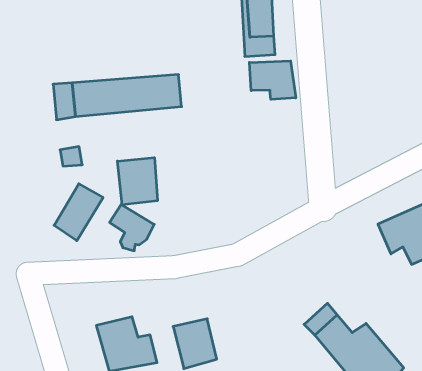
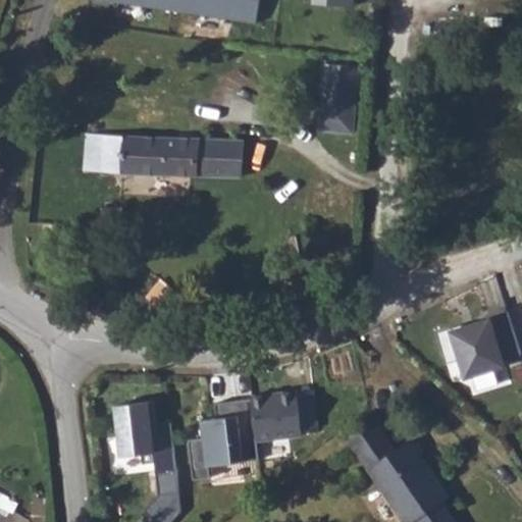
building: [249,61,296,99] -> none
building: [117,158,157,205] -> none
building: [54,184,103,241] -> none
building: none -> [250,396,303,446]

